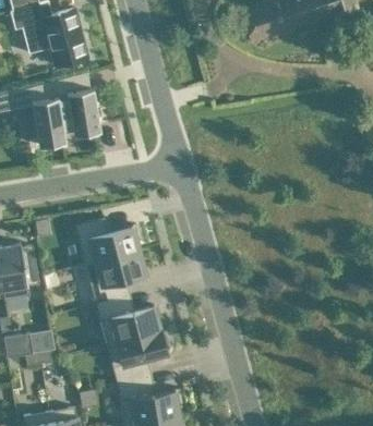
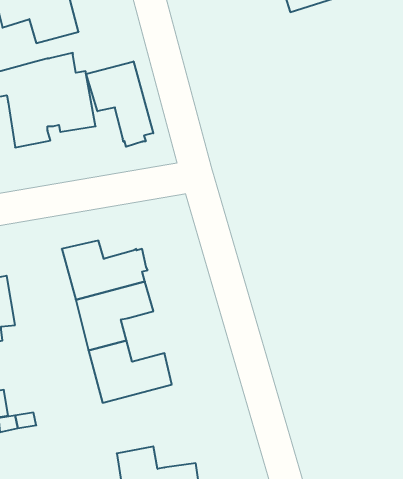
building: none -> [86,61,153,147]
building: [107,330,170,384] -> none

